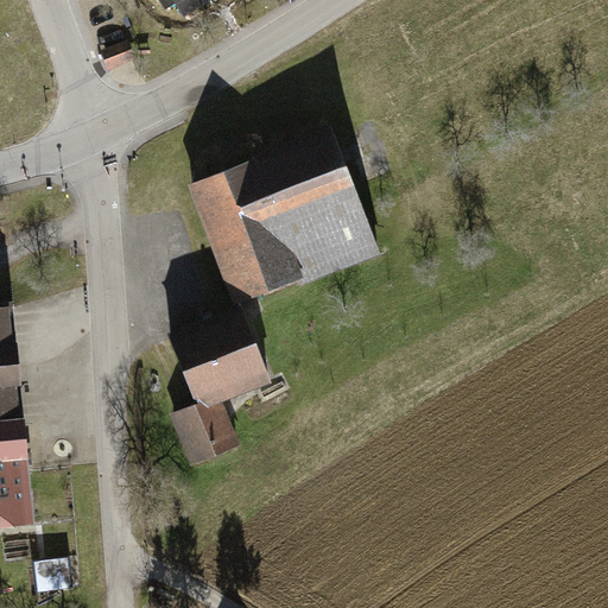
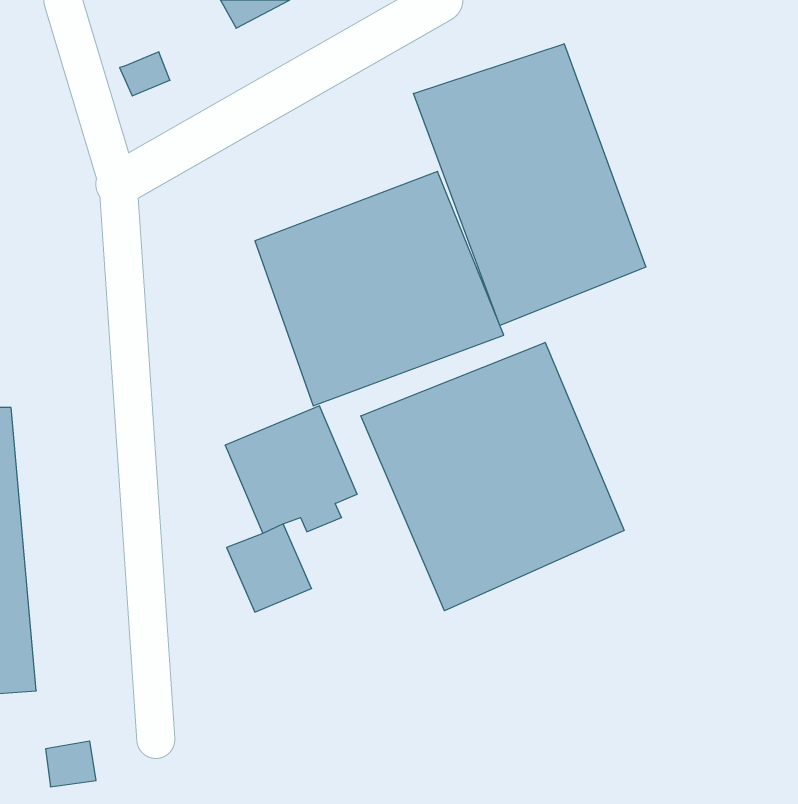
building: none -> [413,44,646,325]
building: none -> [361,342,624,611]

